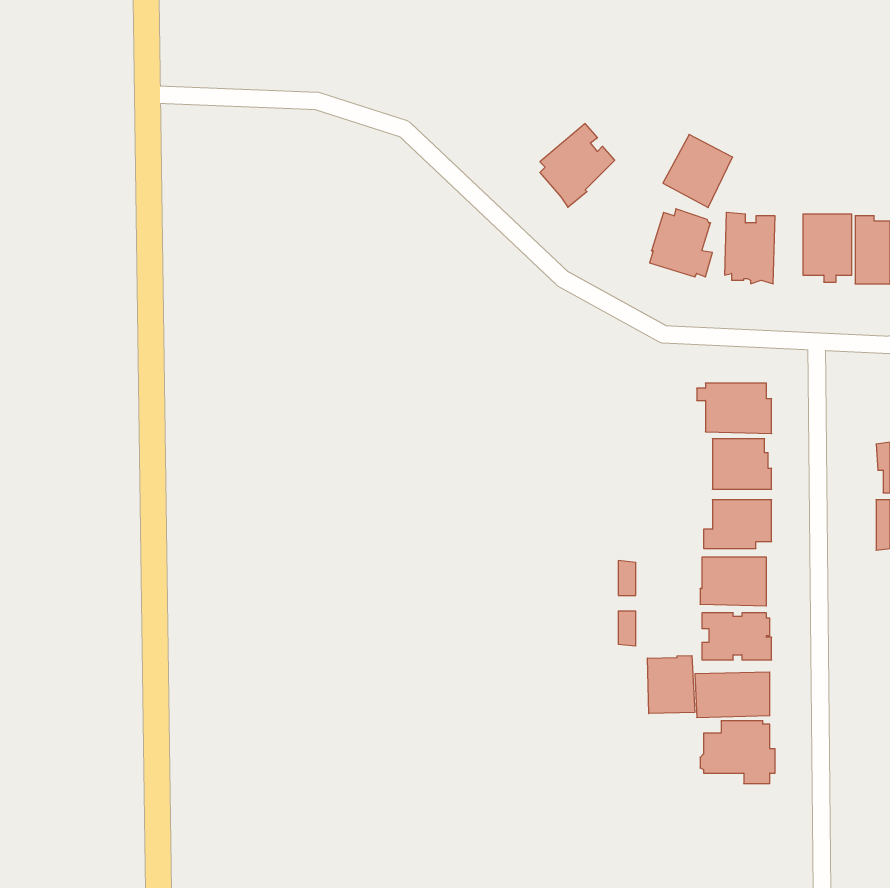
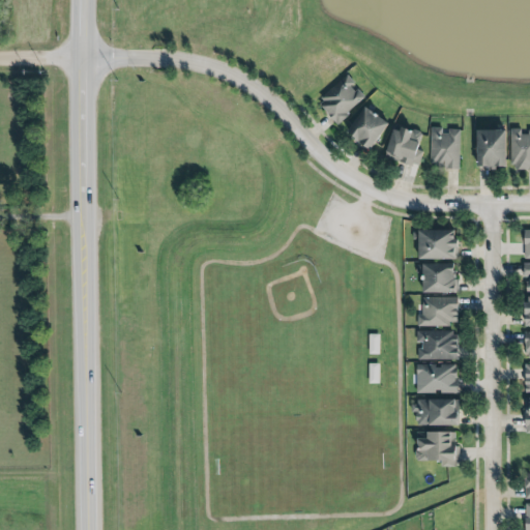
building: [663,134,733,208] -> [343,108,384,151]
building: [647,656,695,714] -> none

